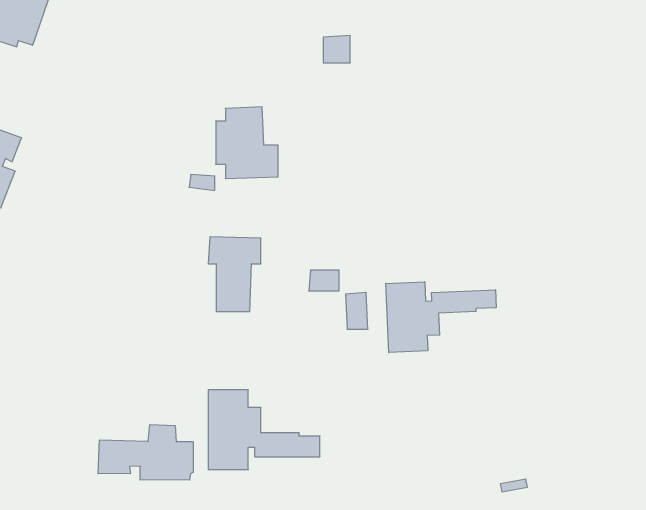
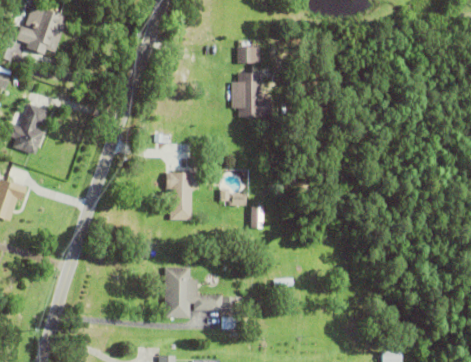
building: [216,107,278,179] -> [232,71,271,116]
building: [386,282,496,353] -> none
building: [98,425,193,480] -> none

